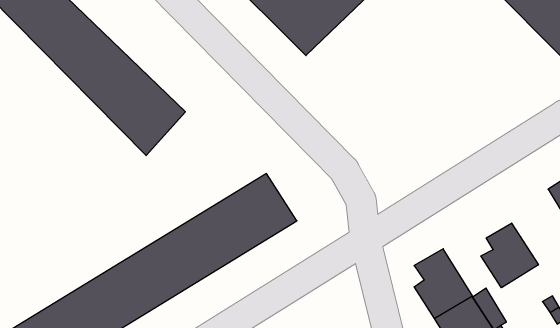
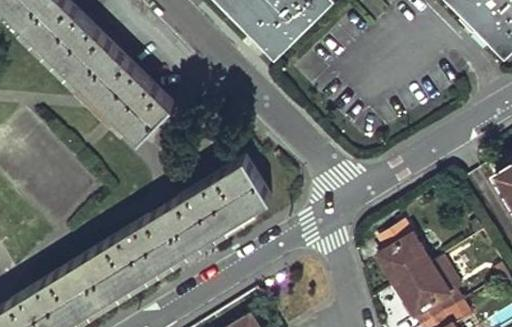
building: [481,223,538,288] -> none

